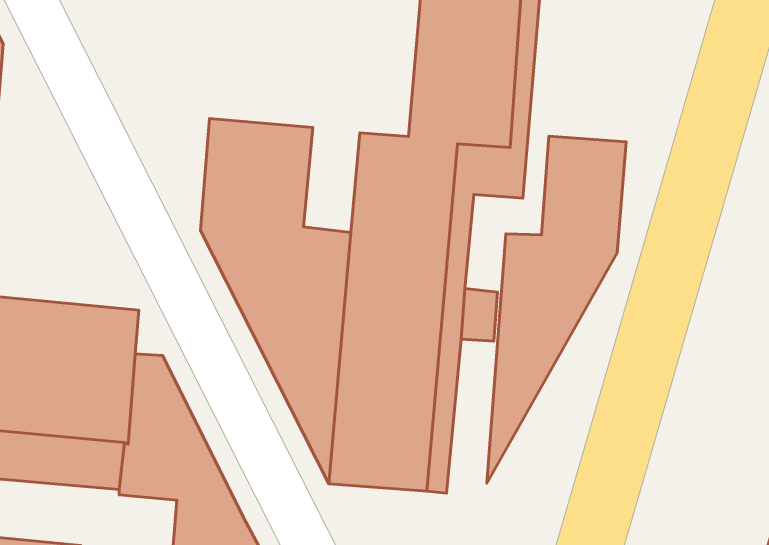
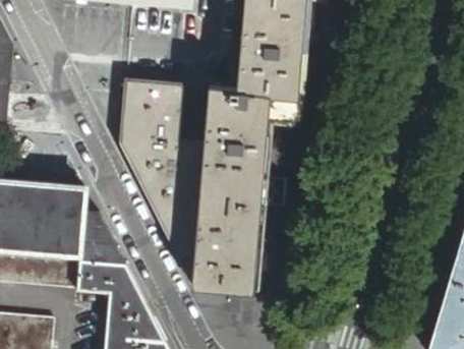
building: [487,136,626,483] -> none

